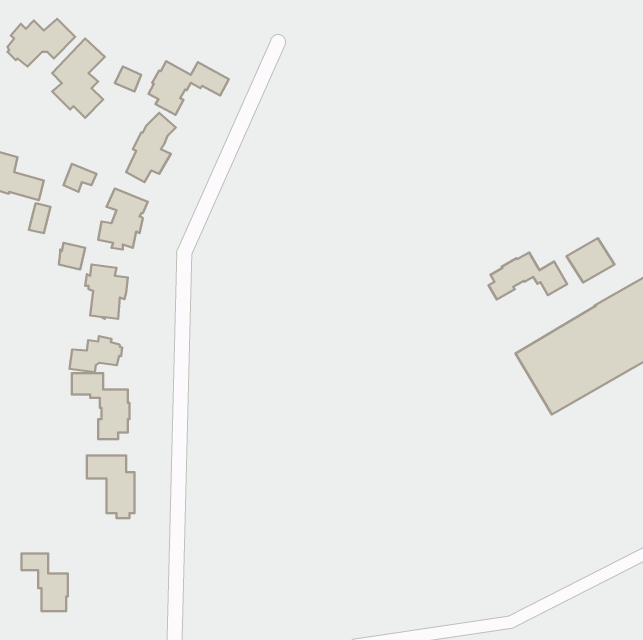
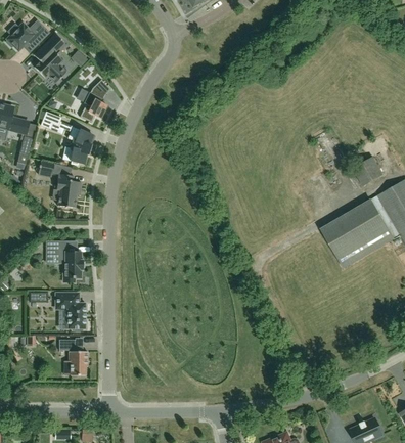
building: [149,61,229,115] -> none
building: [489,252,567,299] -> none
building: [69,336,122,372] -> none
building: [22,554,68,611] -> [58,340,87,375]

